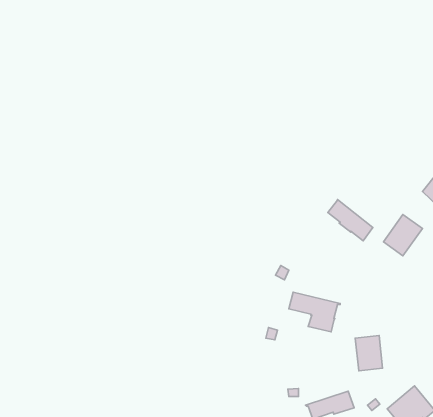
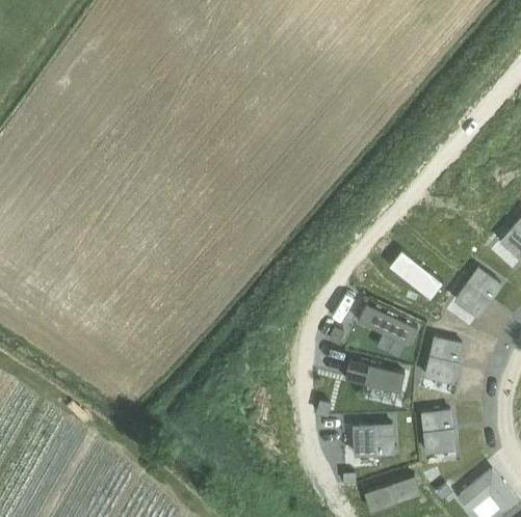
building: none -> [358,304,418,358]
building: none -> [425,337,463,382]
building: none -> [354,425,394,455]

